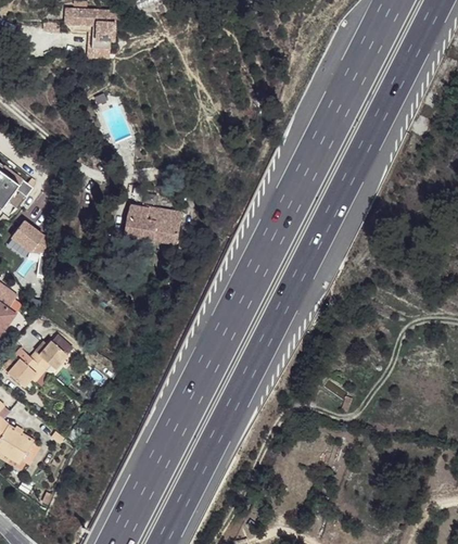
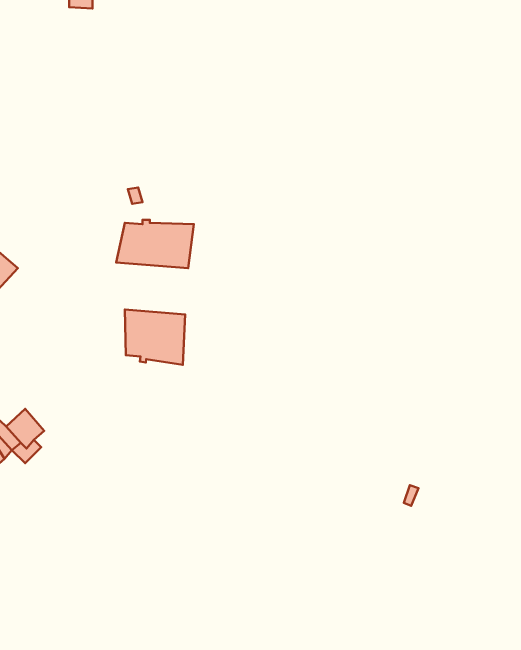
building: none -> [125,309,185,365]

